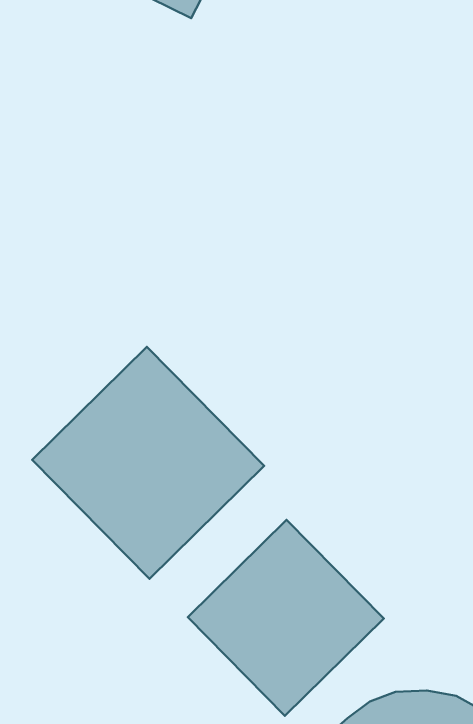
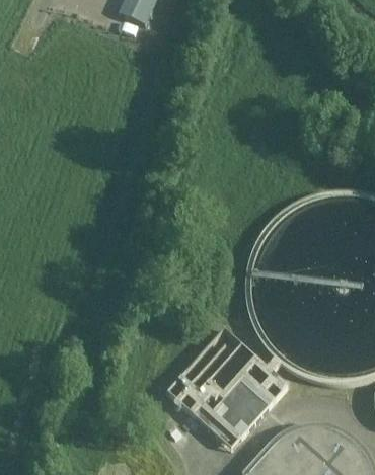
building: [32,347,264,579] -> none

